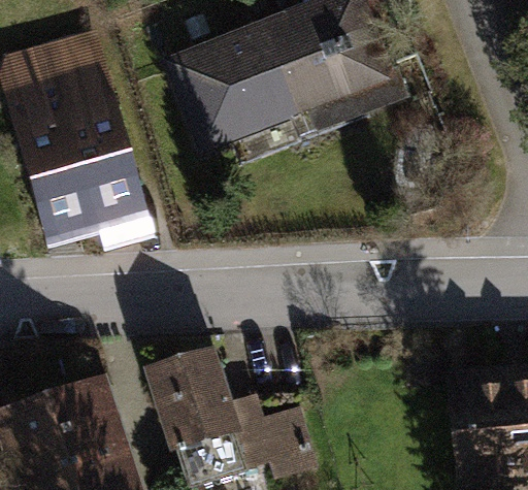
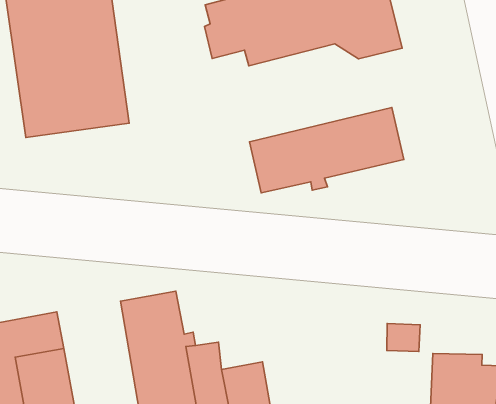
building: none -> [250,108,404,193]

